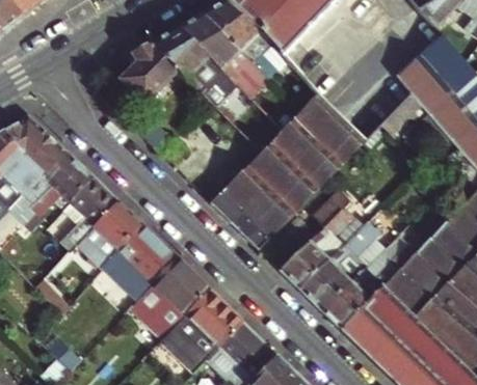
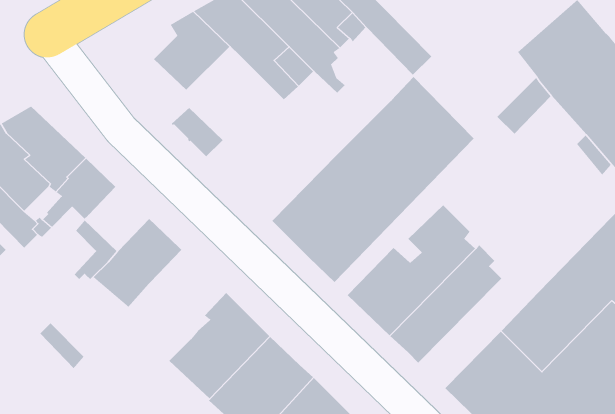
building: [70,176,118,225] -> none
building: [103,224,177,301] -> none
building: [322,247,413,329] -> none

